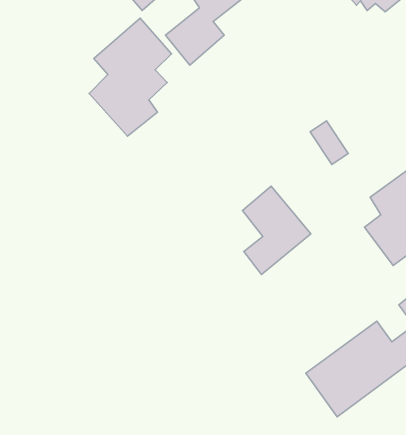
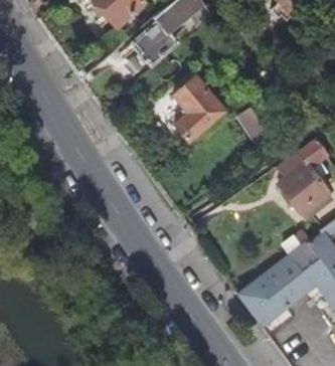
building: [89,18,172,136] -> none
building: [242,186,311,275] -> [176,75,226,141]

